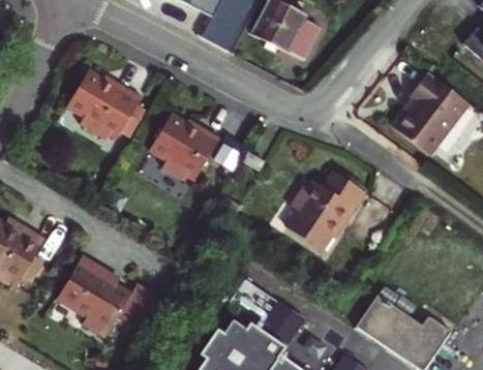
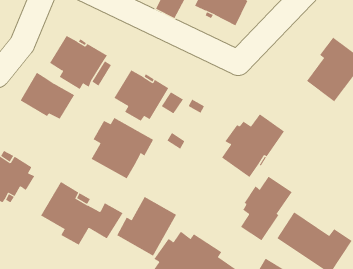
building: none -> [20,72,75,119]
building: none -> [91,117,154,179]
building: none -> [240,176,292,241]
building: none -> [116,196,177,257]

